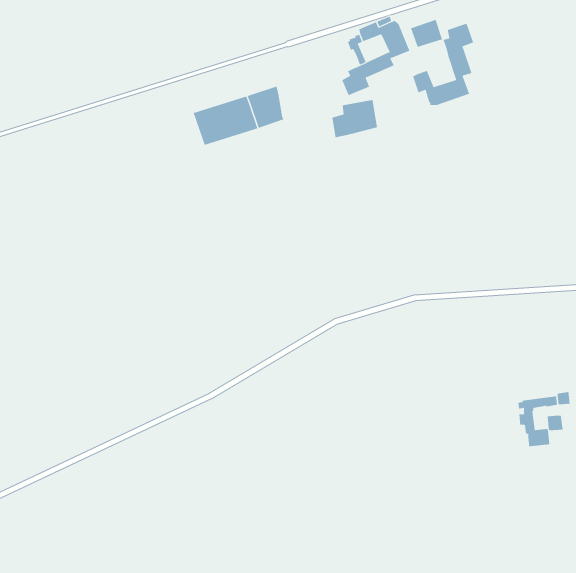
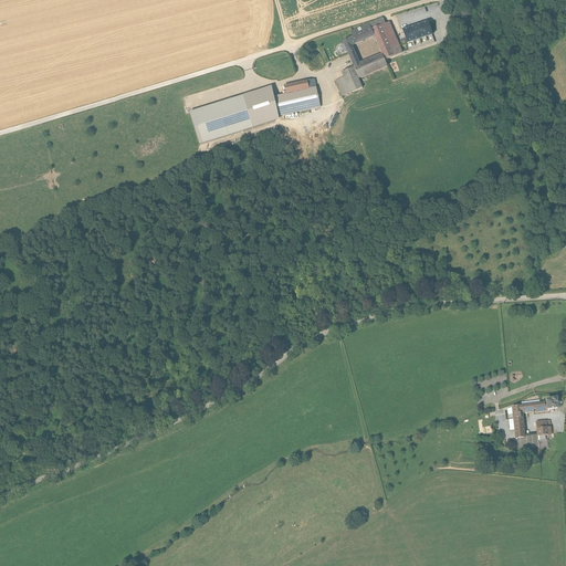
building: [412,23,474,106] -> none
building: [332,99,378,138] -> [274,76,319,114]

